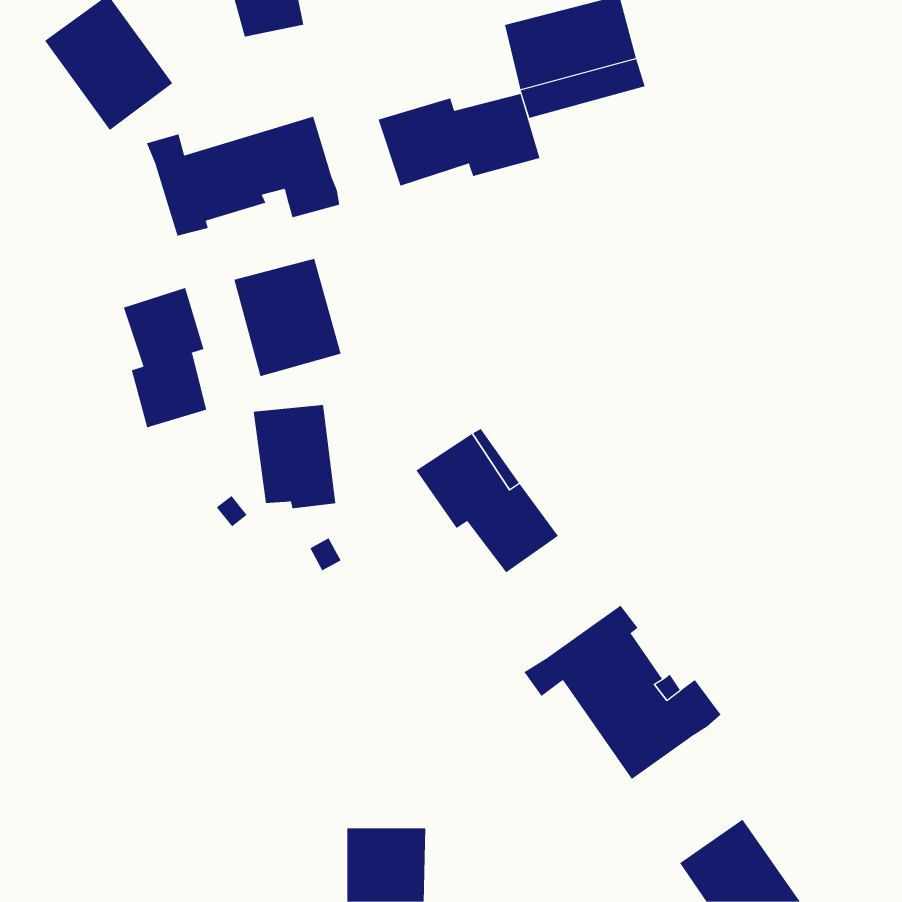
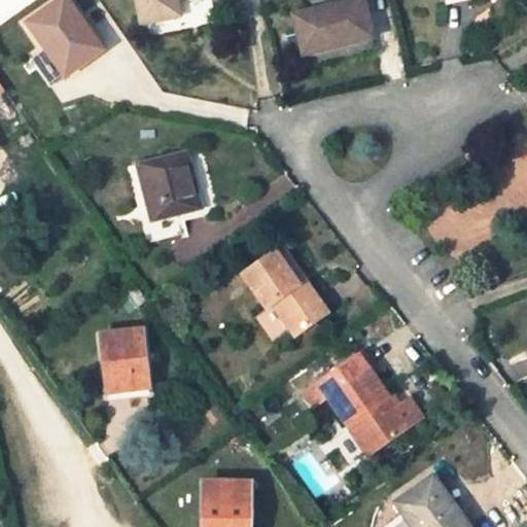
building: [378,93,540,187] -> none
building: [146,116,340,237] -> none
building: [123,287,207,428] -> none
building: [253,404,336,509] -> [100,329,148,390]

